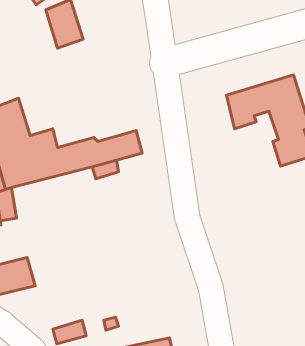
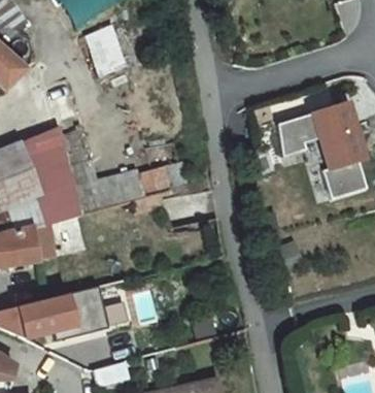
building: none -> [53,285,108,341]

